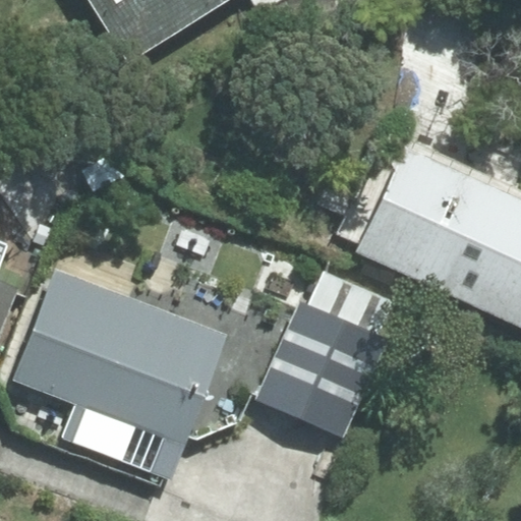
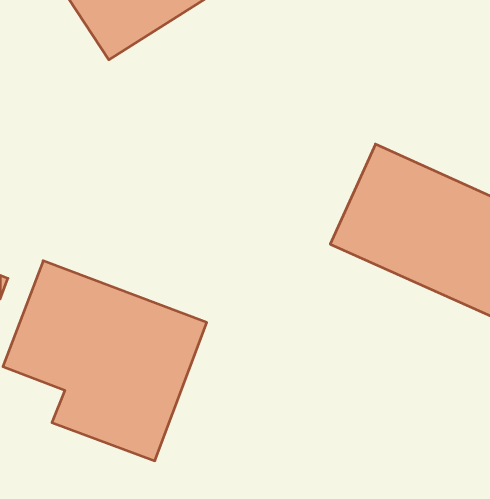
building: [258,277,393,432] -> none

